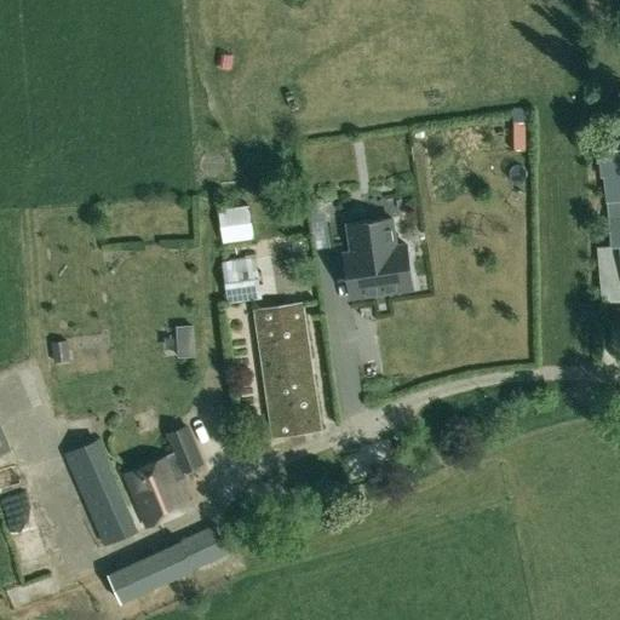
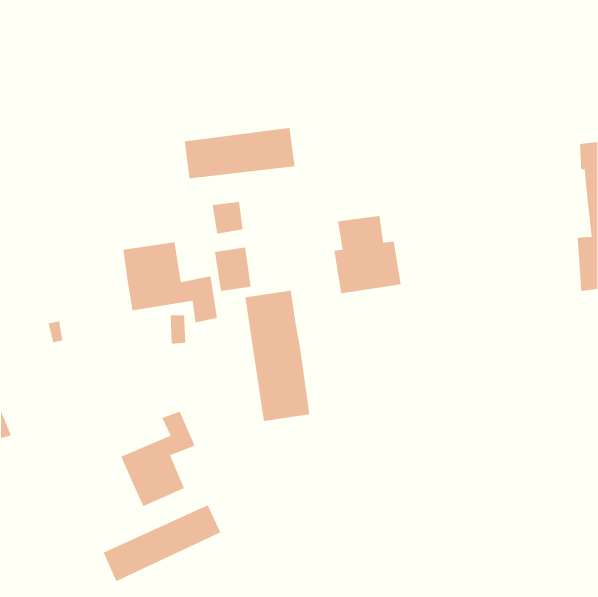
building: none -> [184,127,295,179]
building: none -> [123,242,217,323]
building: [63,438,138,546] -> none

